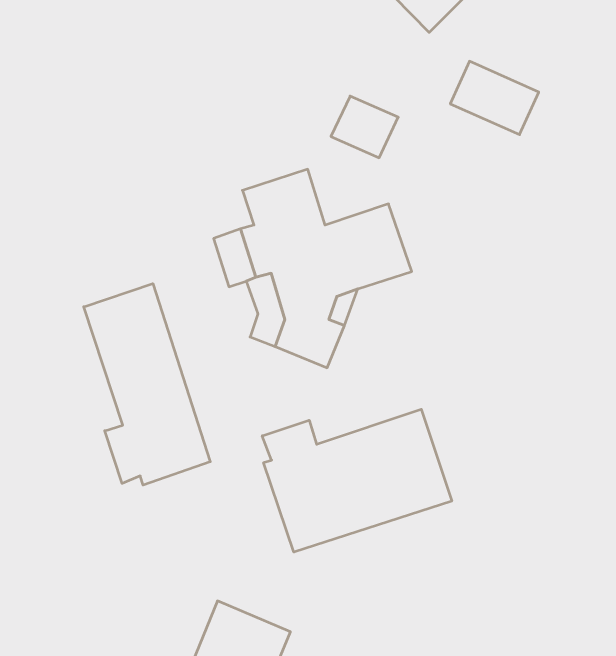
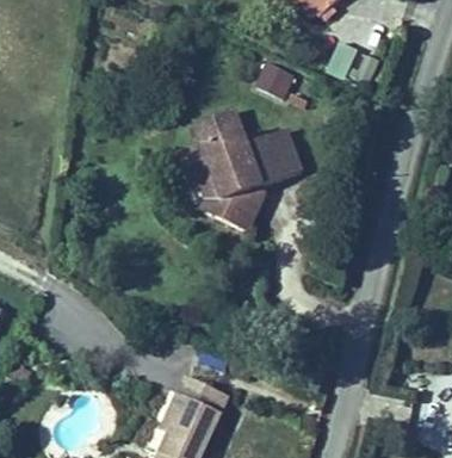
building: [84,284,210,485] -> none
building: [262,409,452,552] -> none

